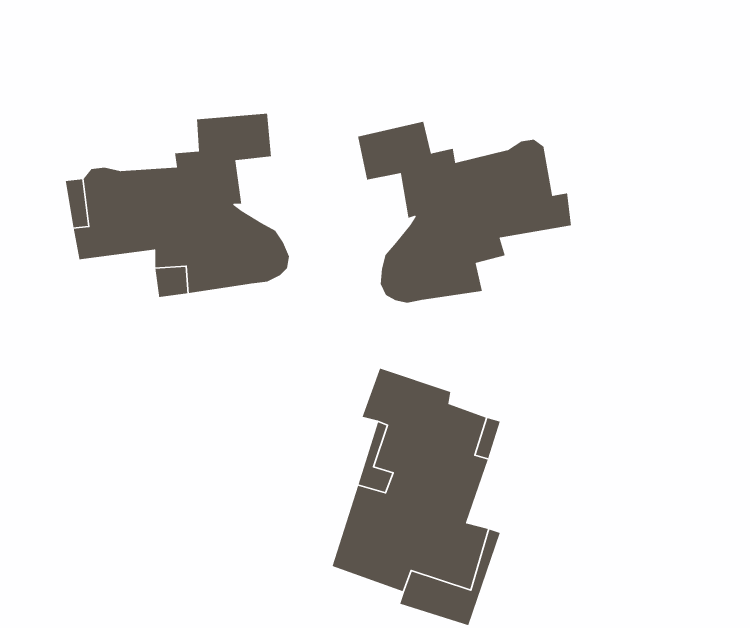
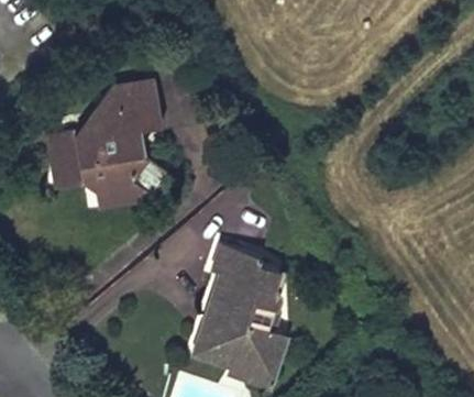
building: none -> [76,80,157,136]
building: [357,121,572,303] -> none

